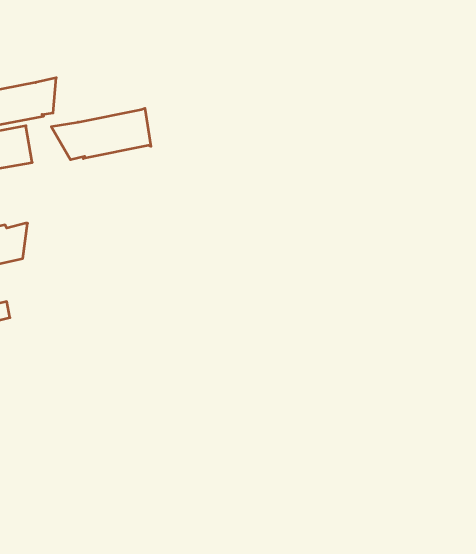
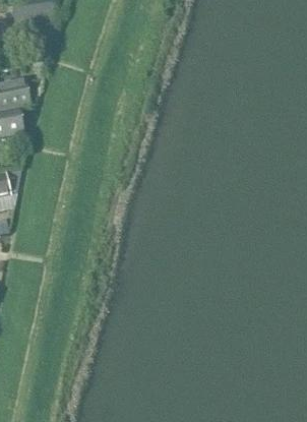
building: [51,108,151,160] -> none

